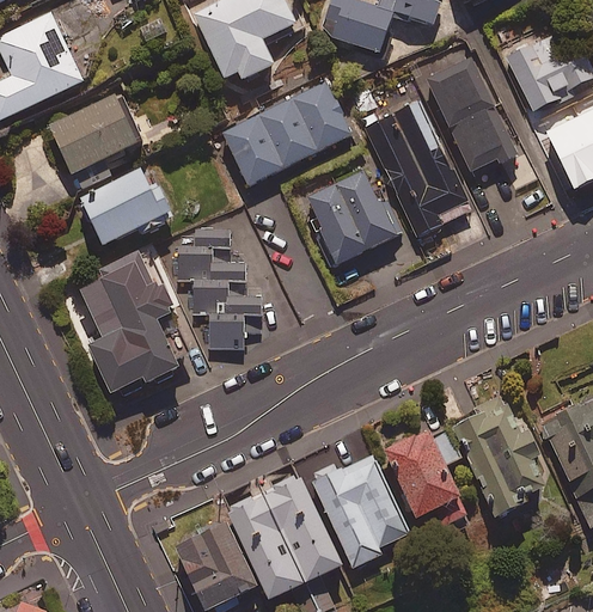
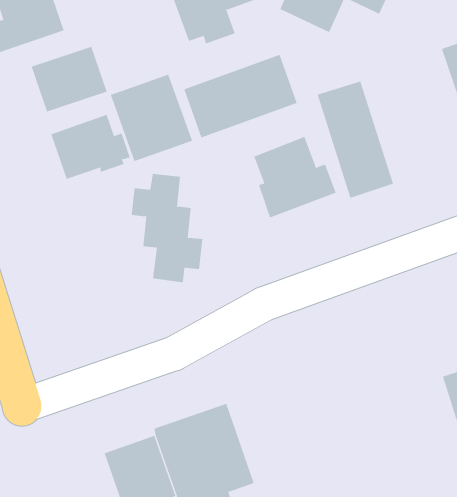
building: [427,57,514,171] -> none
building: none -> [110,74,193,162]
building: [79,250,191,393] -> none
building: [456,396,544,515] -> none
building: [384,423,466,525] -> none
building: [306,454,408,569] -> none

